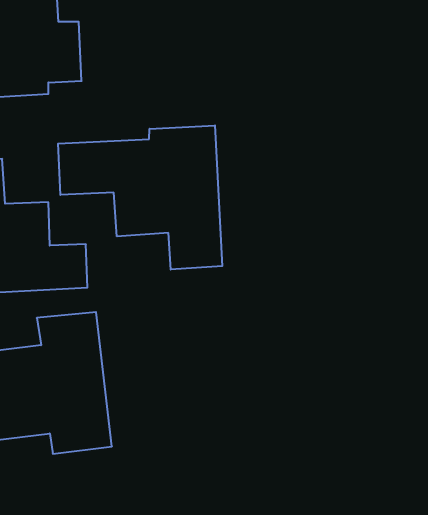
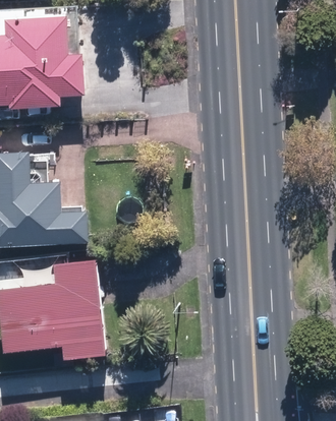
building: [58,125,222,270] -> none

